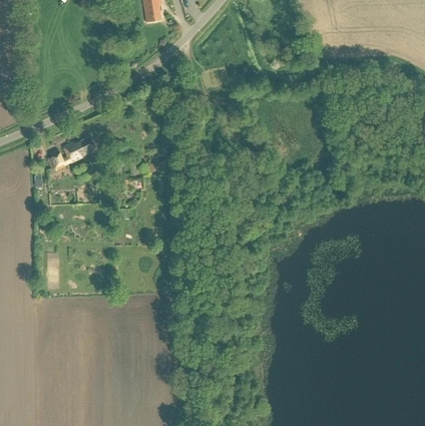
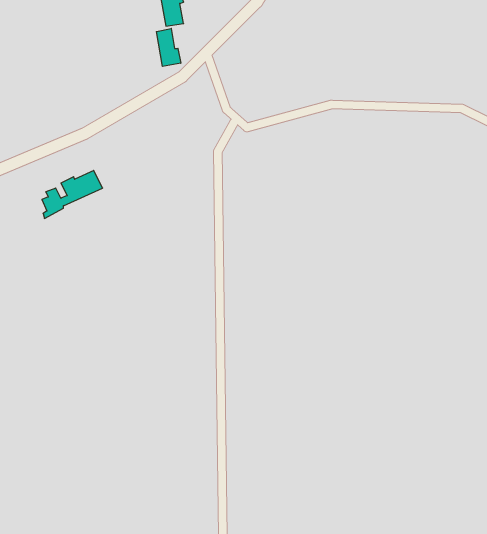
building: none -> [156,28,181,66]

